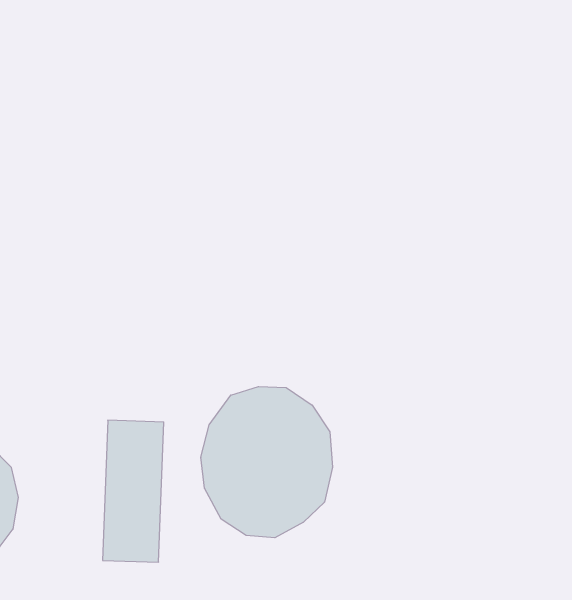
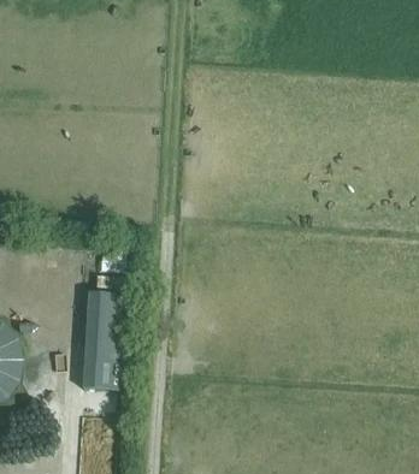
building: [201,387,332,538] -> none

